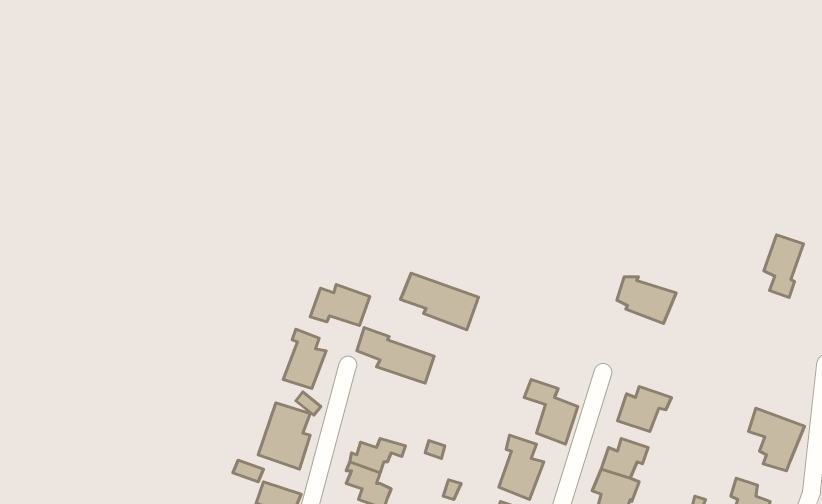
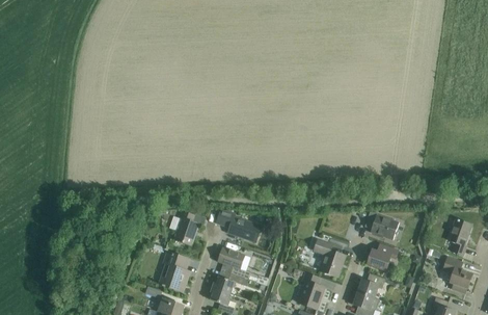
building: [764,235,803,298] -> [448,219,470,256]
building: [400,273,478,330] -> none
building: [617,277,676,323] -> [364,213,399,240]
building: [310,285,370,325] -> none
building: none -> [217,248,250,280]

